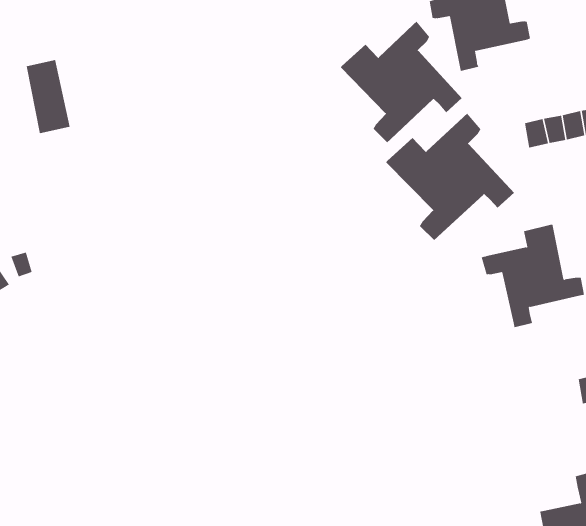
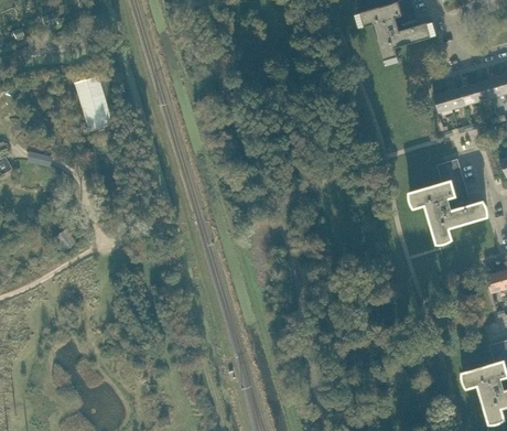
building: [340,21,462,143] -> none
building: [385,113,515,241] -> none

